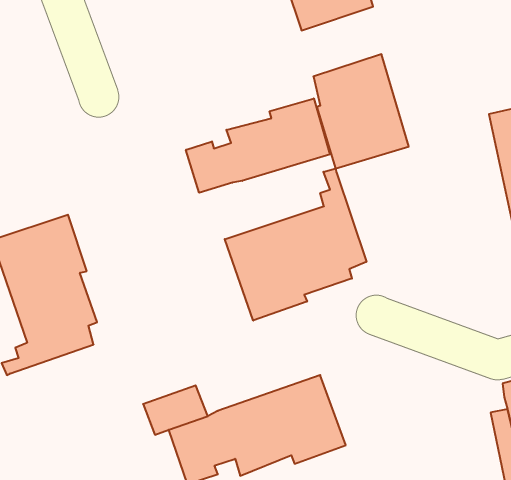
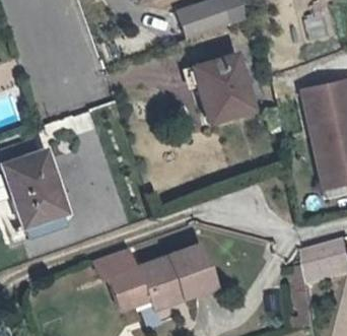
building: [186,98,330,193] -> none
building: [225,169,366,321] -> none

